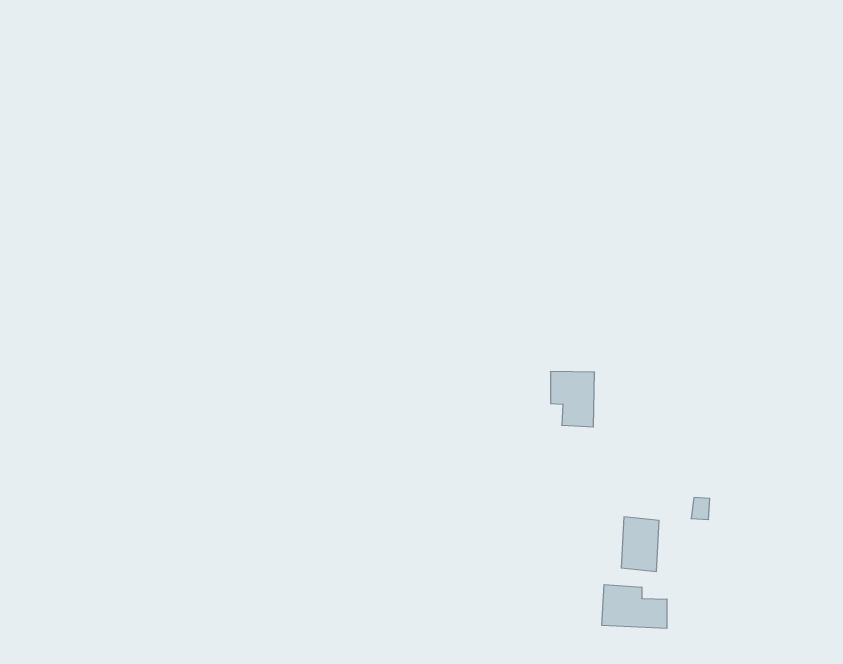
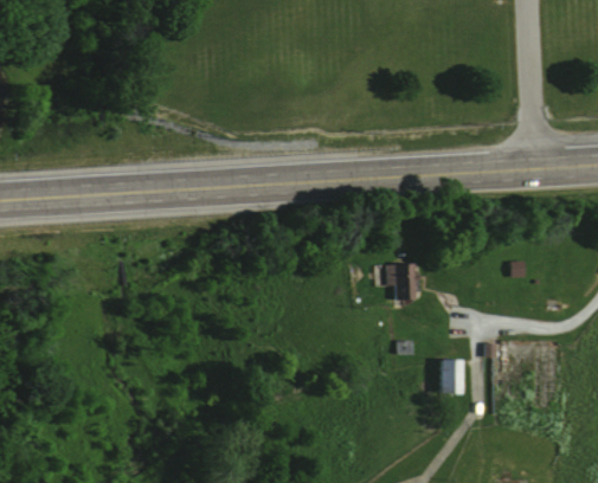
building: [602,585,667,628] -> none

